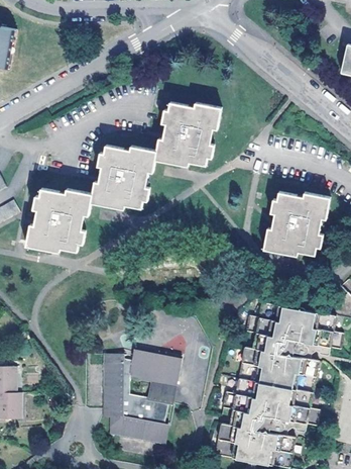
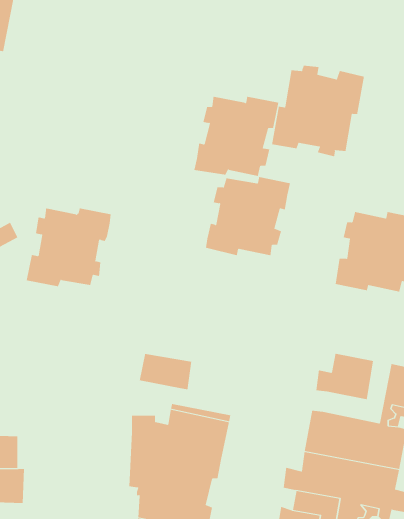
building: none -> [272,65,364,157]
building: [89,148,155,209] -> [205,177,291,256]
building: none -> [139,353,192,390]
building: [254,310,307,359] -> none

